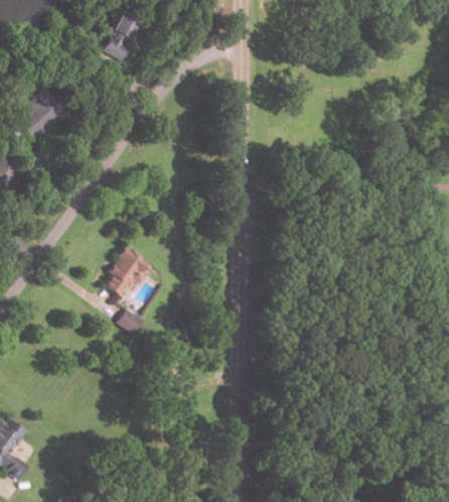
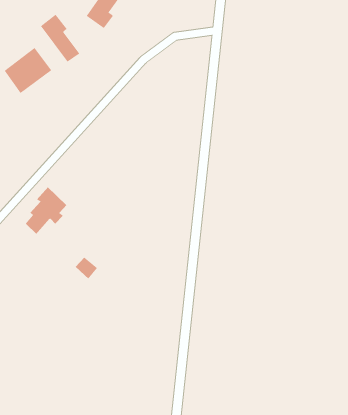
building: none -> [40,14,80,63]
building: [106,243,150,296] -> [25,187,67,235]

